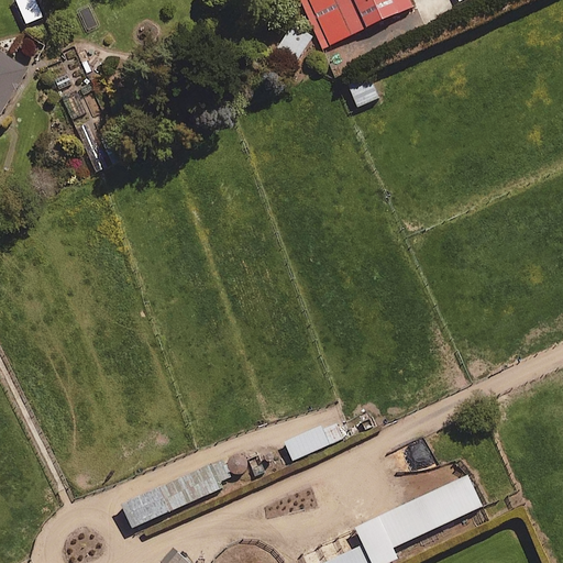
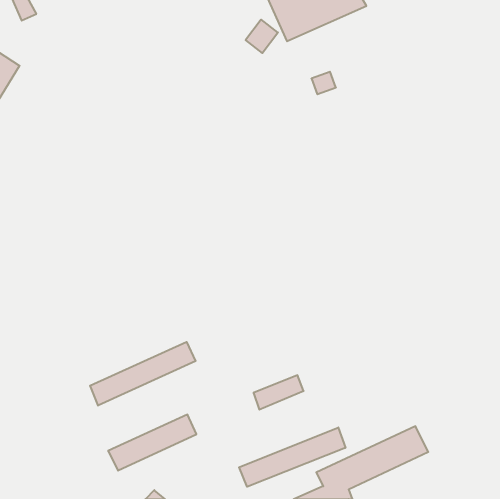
building: none -> [90,342,196,406]
building: none -> [239,427,345,487]

